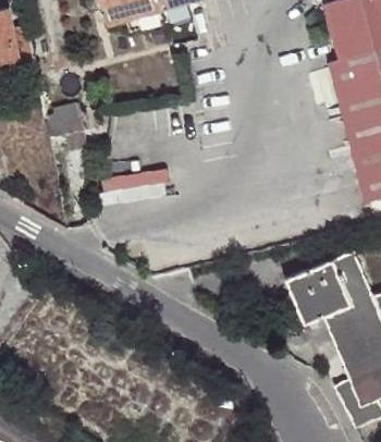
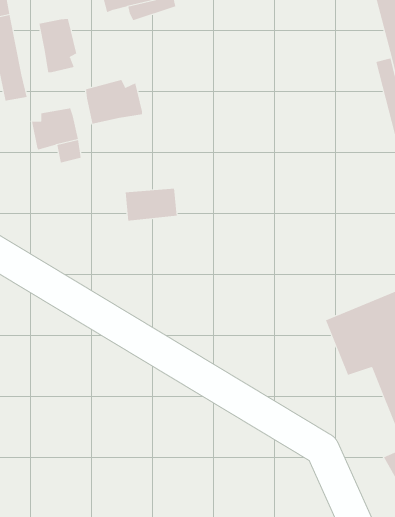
building: none -> [39,18,77,73]
building: none -> [85,79,143,124]

